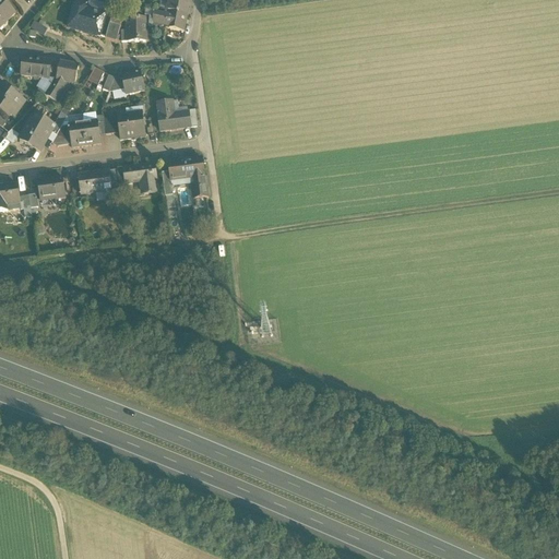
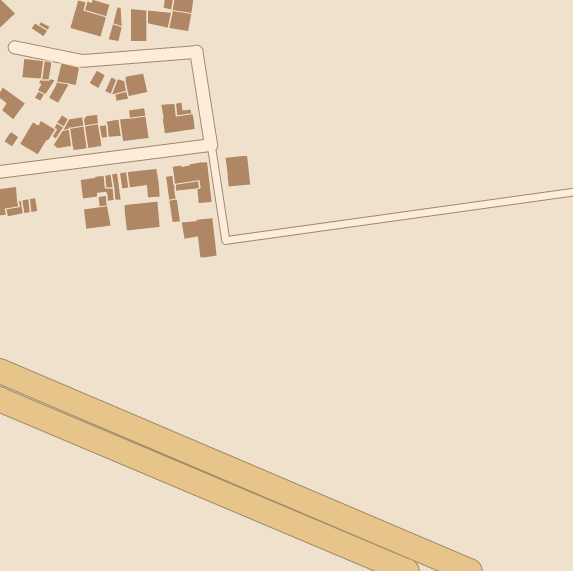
building: none -> [225,155,251,187]
building: [37,176,64,199] -> [83,206,111,229]
building: none -> [124,201,160,231]
building: none -> [181,217,217,258]

